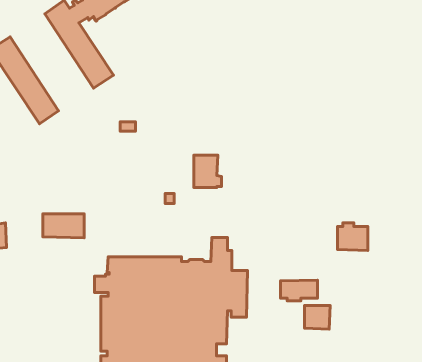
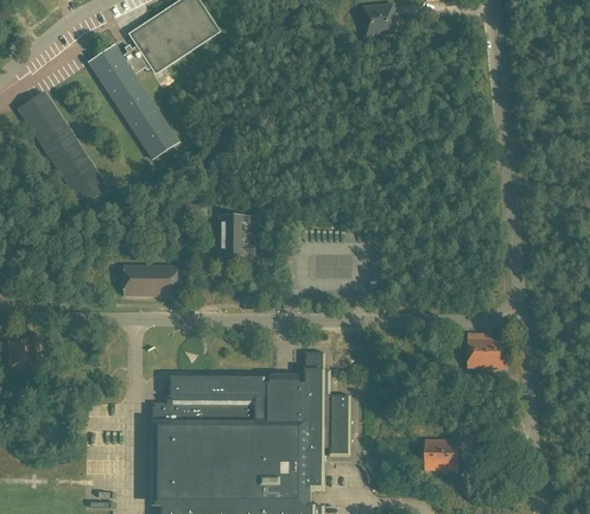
building: [194,155,221,187] -> [218,215,254,256]
building: [43,214,84,238] -> [123,265,177,296]
building: [281,280,317,301] -> none

